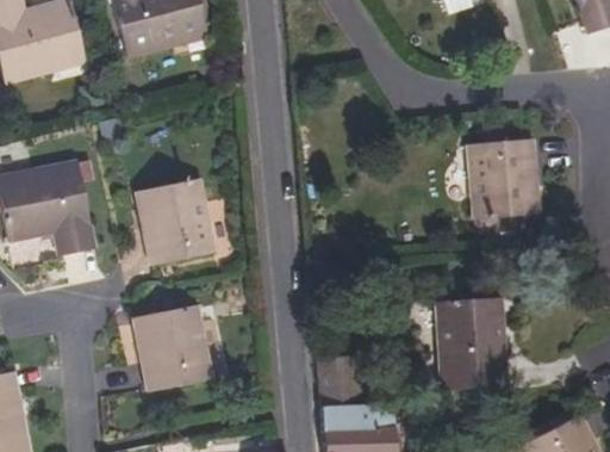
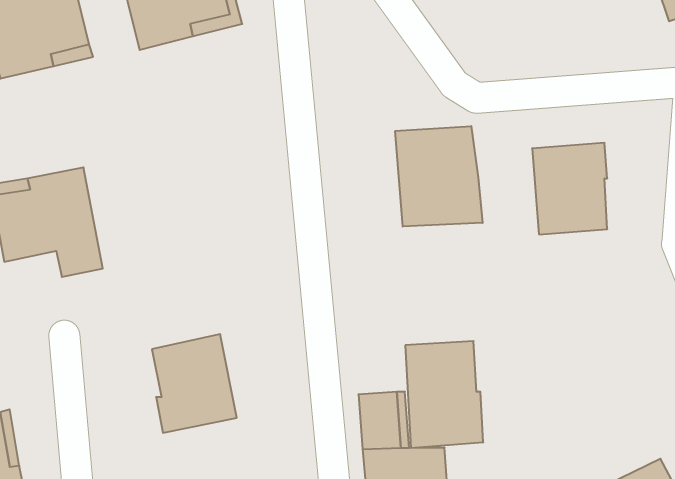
building: none -> [395,126,483,227]
building: [139,179,214,265] -> none
building: [437,297,505,390] -> [405,341,483,448]

